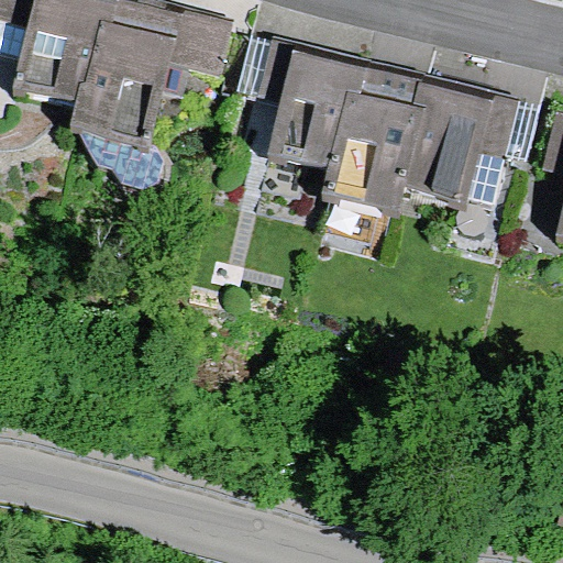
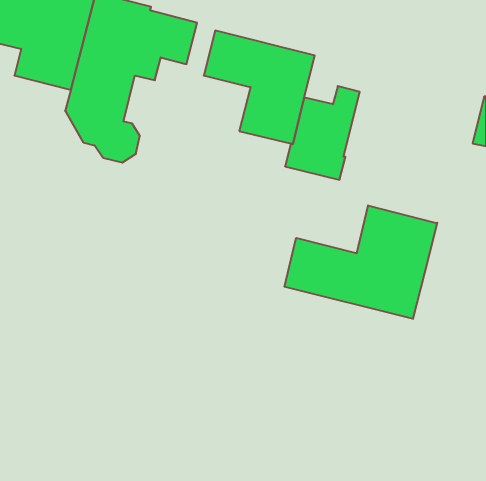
building: [395,78,534,201] -> none
building: none -> [284,205,437,319]

